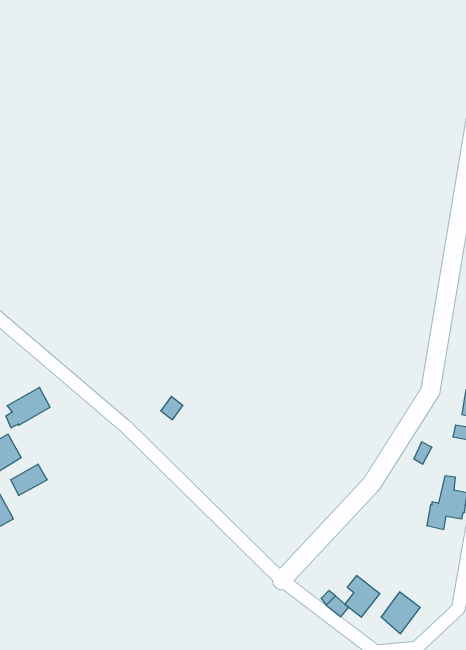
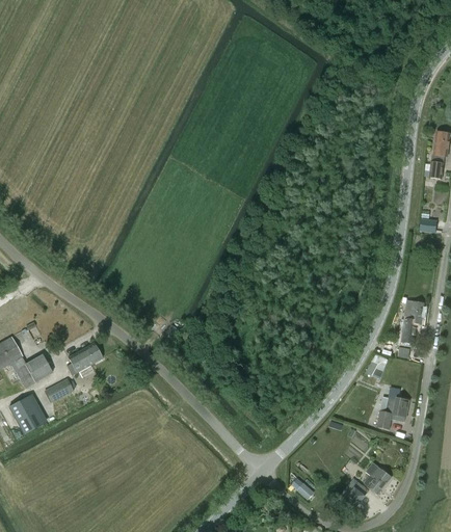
building: [6,387,50,428] -> [67,342,102,374]
building: [345,576,380,617] -> [364,461,392,495]

